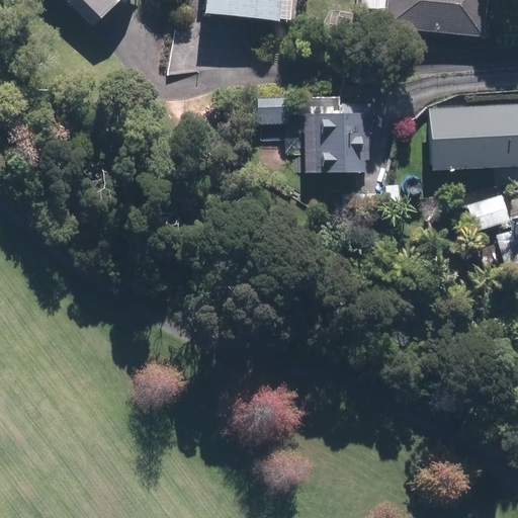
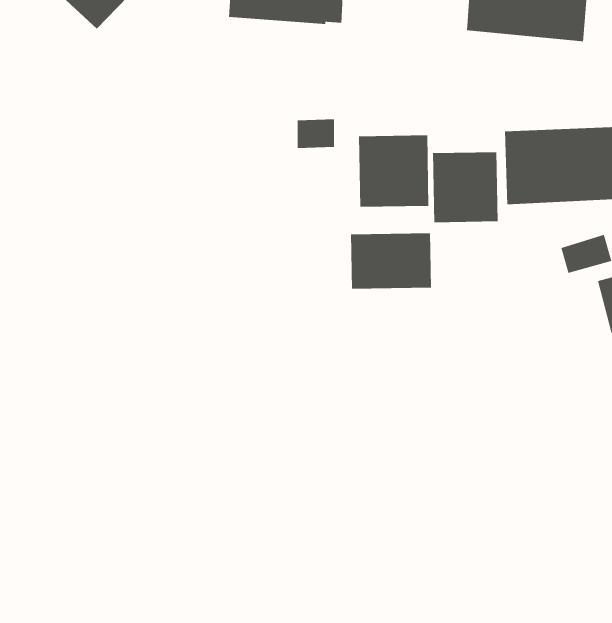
building: none -> [433,151,498,223]
building: none -> [351,232,432,290]

